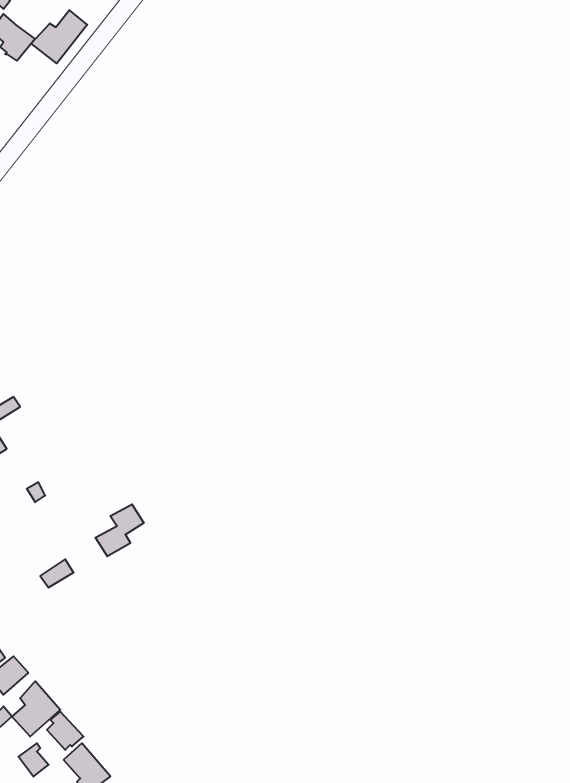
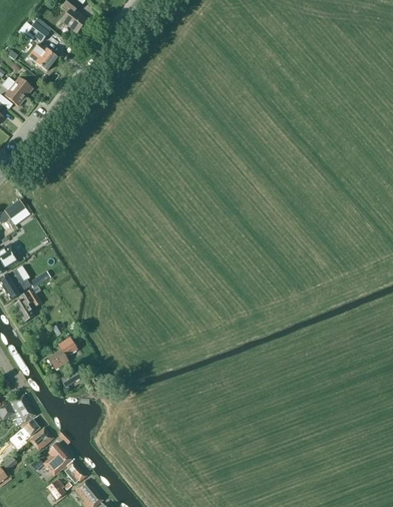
building: [31,10,87,63] -> none
building: [95,504,144,556] -> [47,339,76,370]

